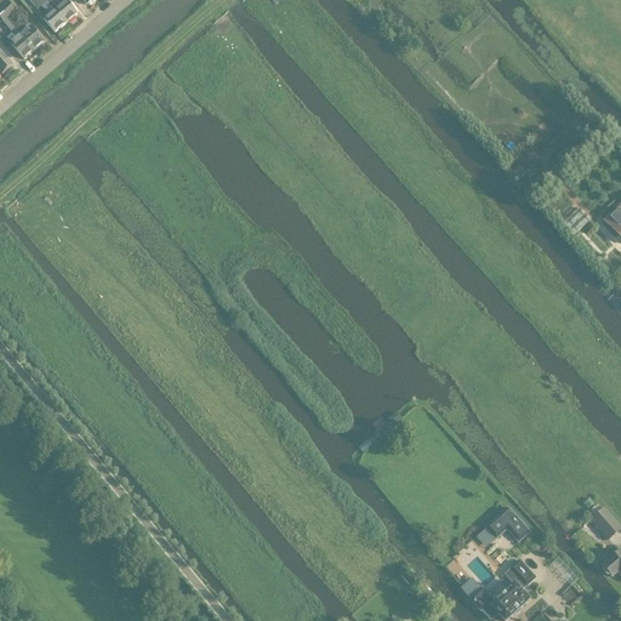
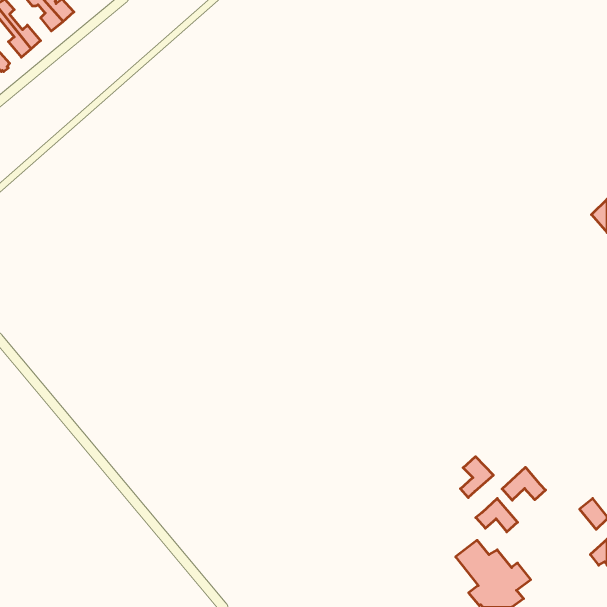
building: none -> [460,457,493,498]
building: none -> [502,467,546,500]

